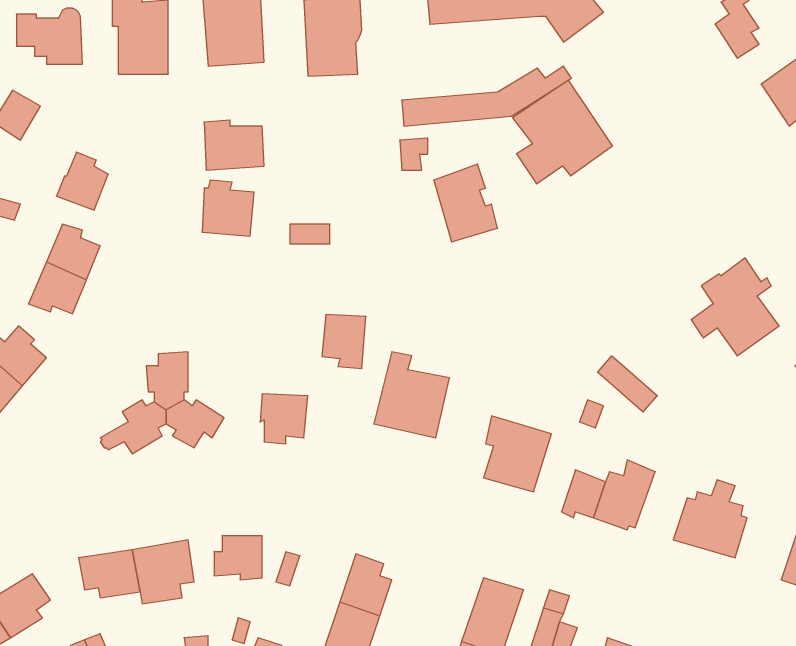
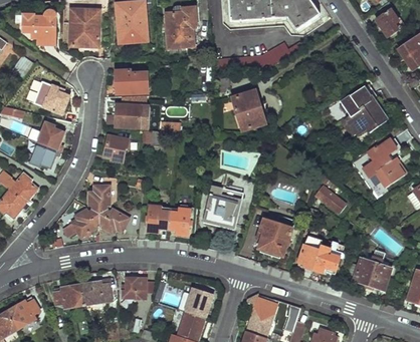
building: [513,80,612,184] -> [341,83,391,135]
building: none -> [104,134,129,162]
building: [322,314,366,368] -> [167,208,189,235]

